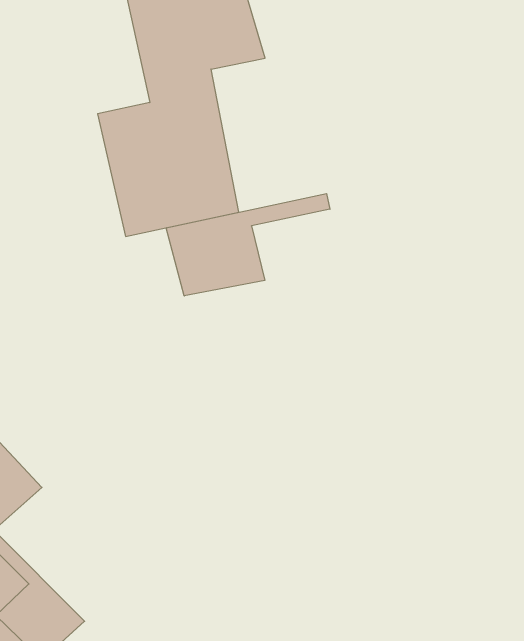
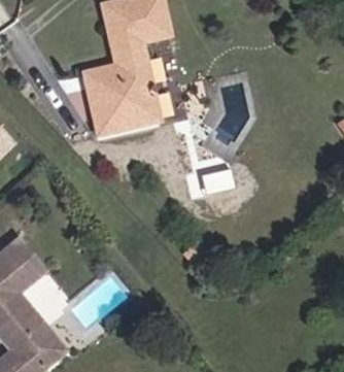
building: [166,194,330,296] -> none

